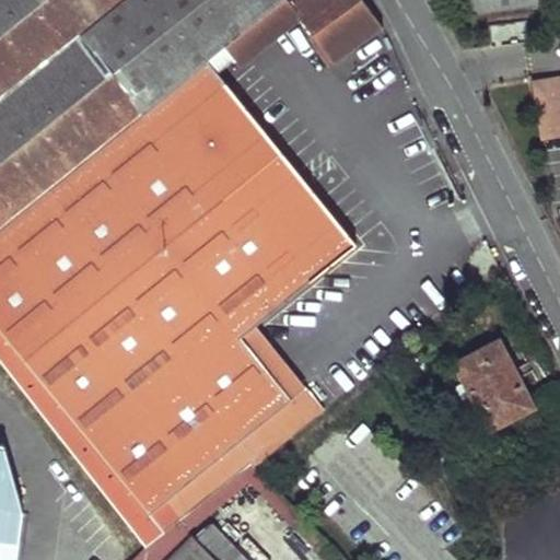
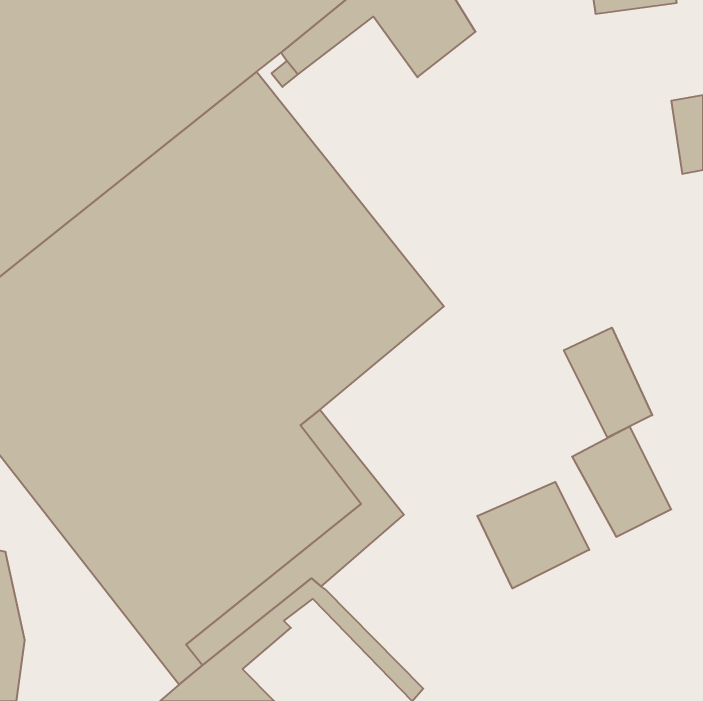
building: none -> [564,328,652,438]
building: none -> [477,482,589,588]

